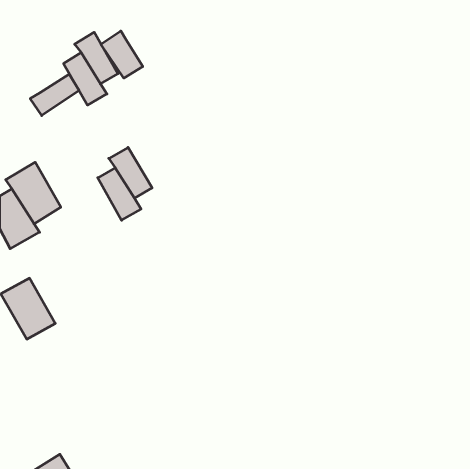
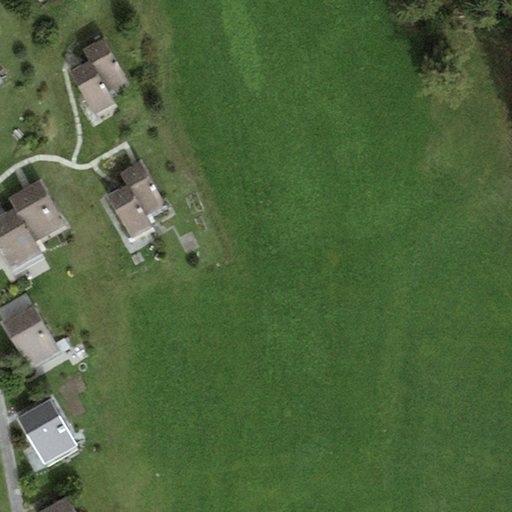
building: [101,31,143,78] -> none
building: [30,74,79,116] -> none
building: none -> [18,400,77,466]

